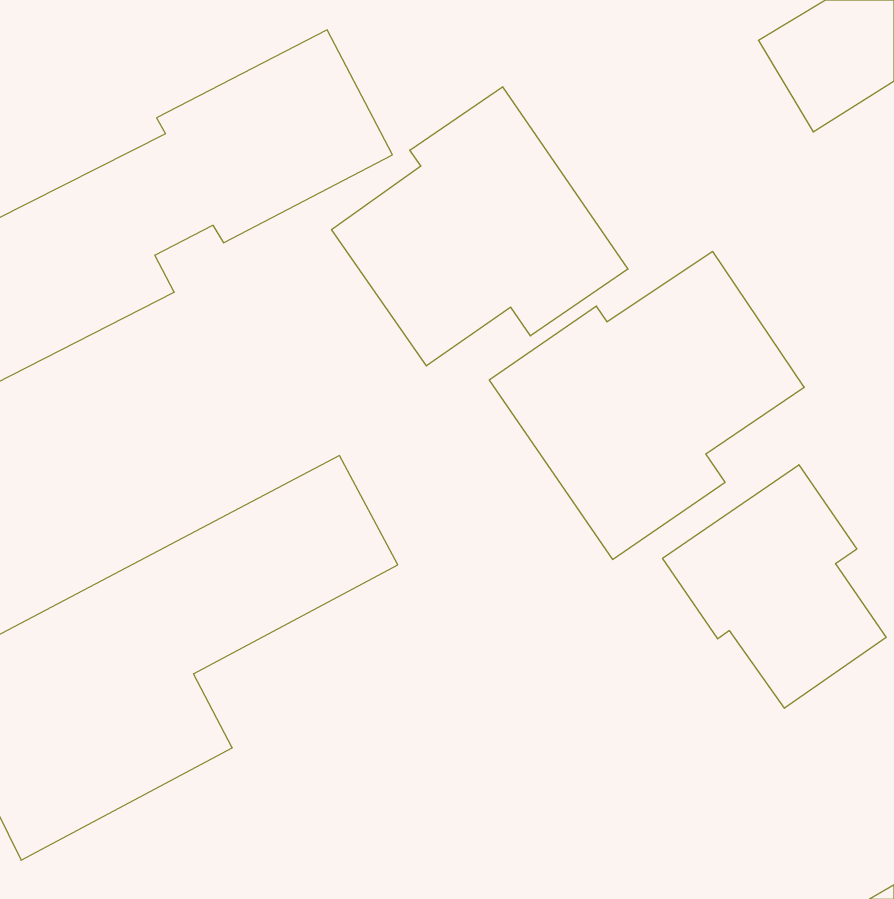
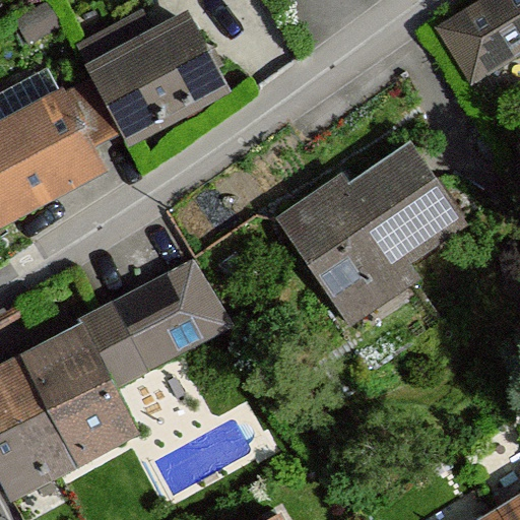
building: [332,87,628,366] -> none
building: [663,465,886,708] -> none

